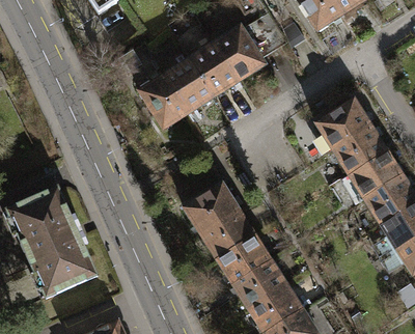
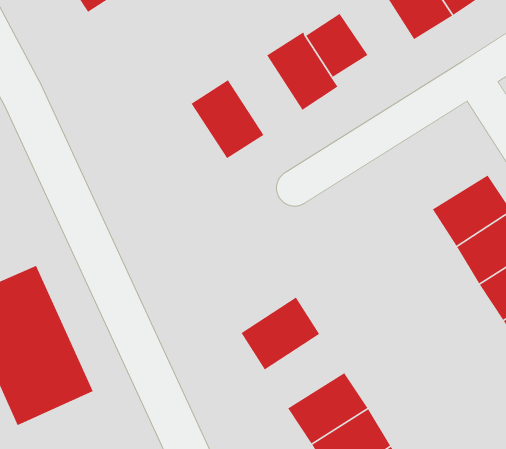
building: [191,40,242,95] -> none
building: [139,74,190,129] -> none
building: [314,96,369,146] -> none
building: [183,182,238,231] -> none
building: [216,232,271,283] -> none

